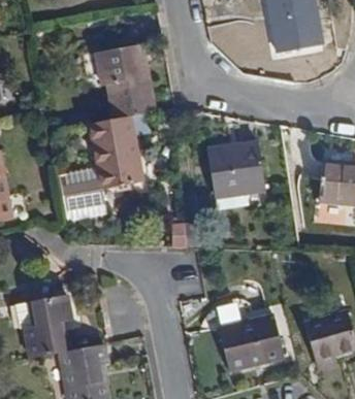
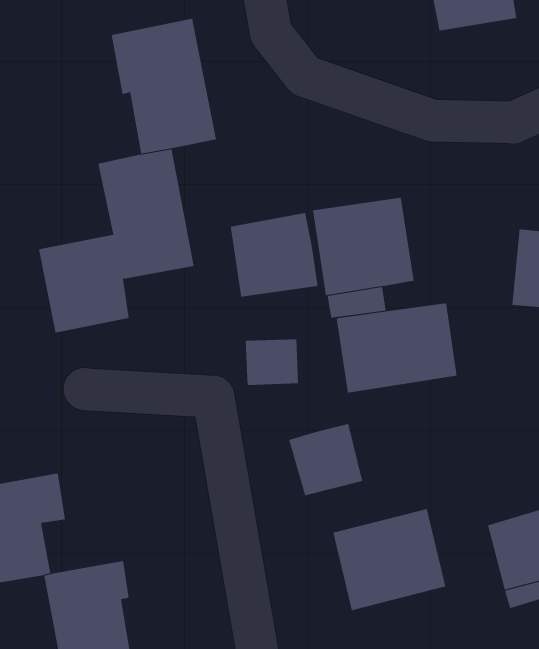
building: none -> [230,212,318,297]
building: none -> [336,303,457,393]
building: none -> [288,423,363,496]

